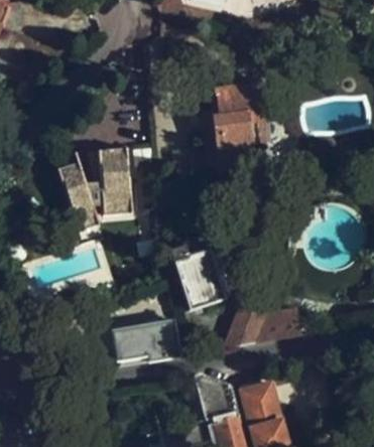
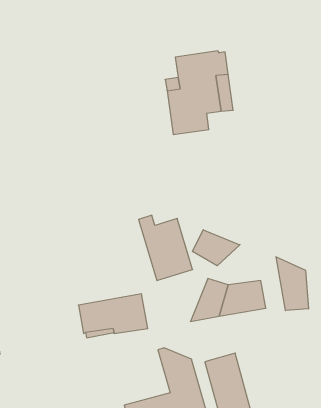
building: [61,146,133,230] -> none
building: none -> [193,230,240,266]
building: none -> [276,257,308,311]

